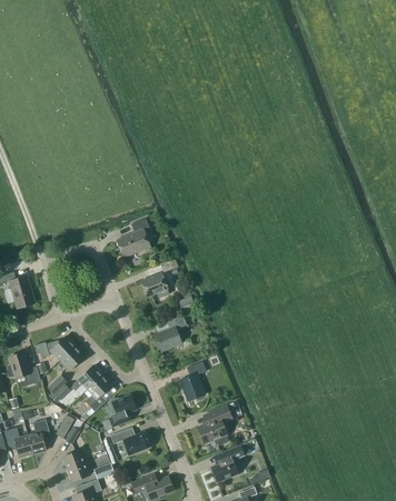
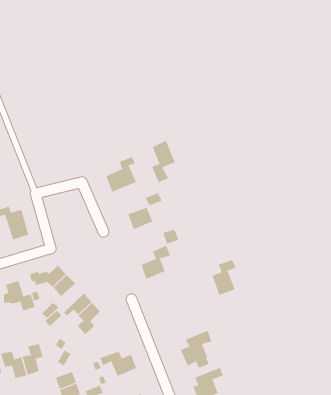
building: none -> [152,140,175,183]
building: [178,362,205,401] -> [212,259,237,296]
building: [108,395,135,428] -> none

